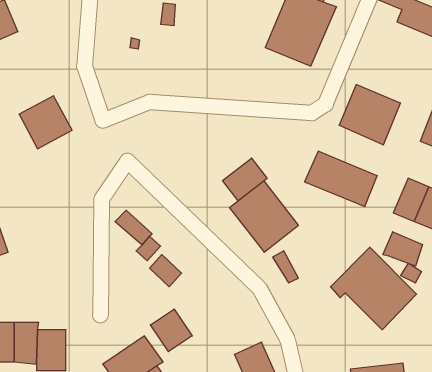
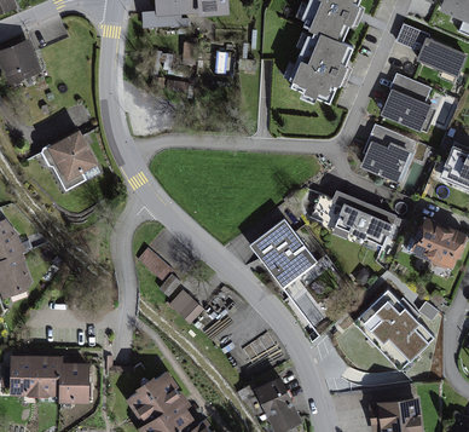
building: none -> [381,73,436,132]
building: [223,158,267,201] -> none
building: [383,232,422,266] -> none
building: [150,309,192,352] -> none

